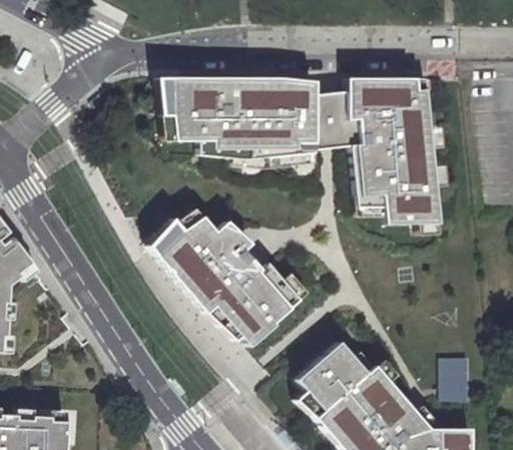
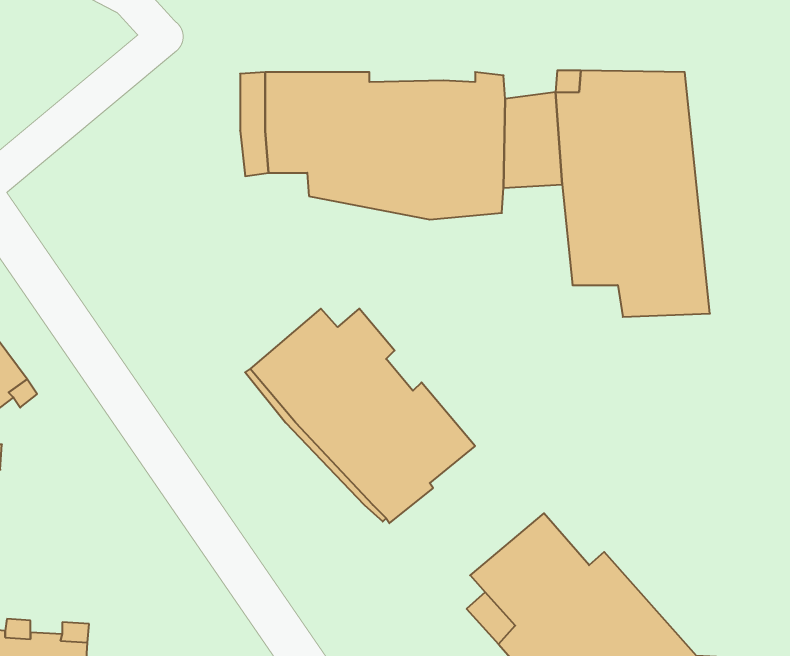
building: [149,212,207,258] -> none
building: [444,358,471,399] -> none

